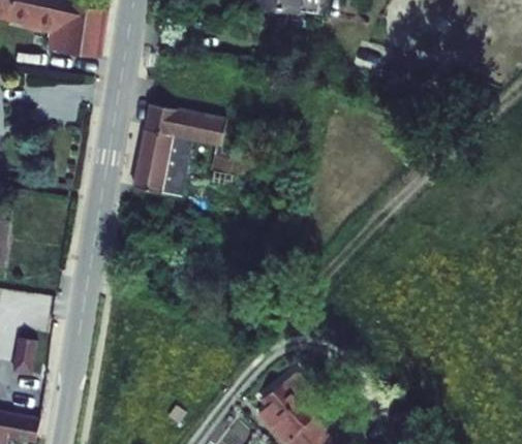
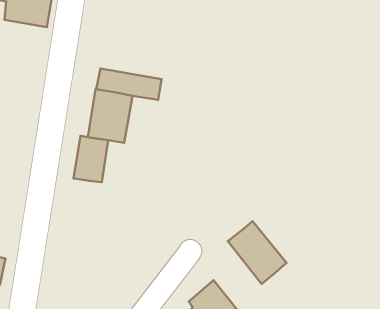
building: none -> [74,136,108,182]
building: none -> [228,221,286,284]

